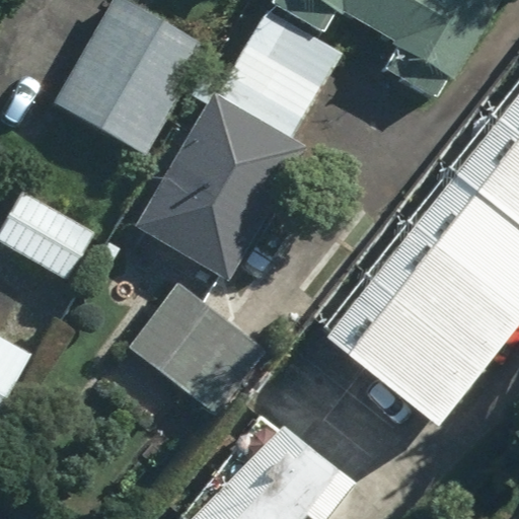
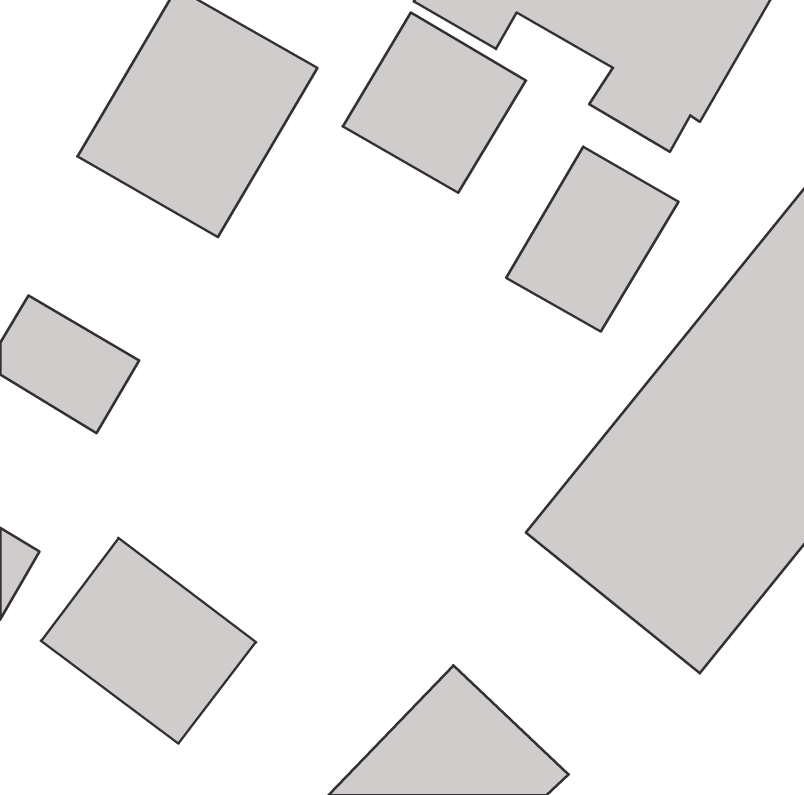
building: [130,91,303,280] -> none
building: none -> [506,147,678,331]
building: [127,280,265,412] -> [41,538,256,743]

